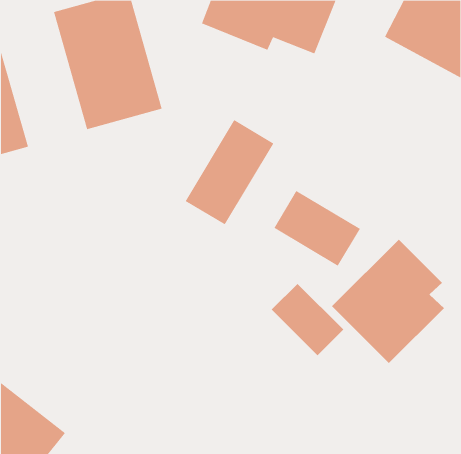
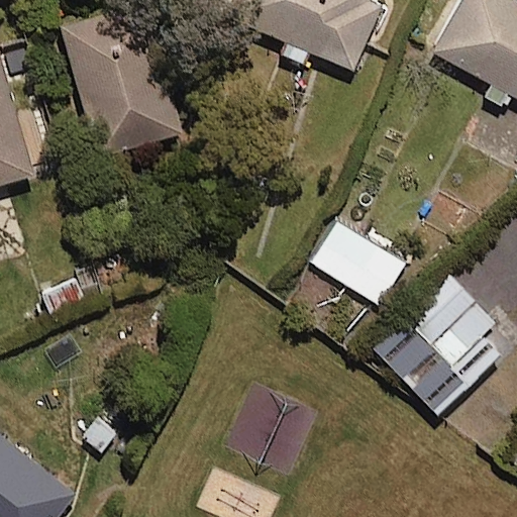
building: [185,119,274,225] -> none
building: [271,283,344,356] -> none

